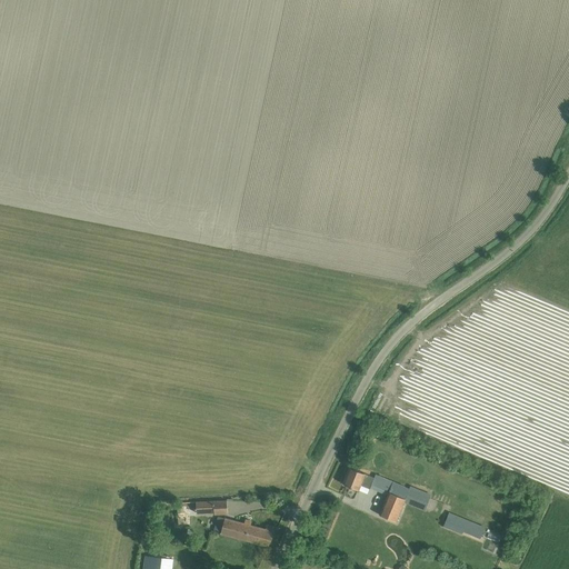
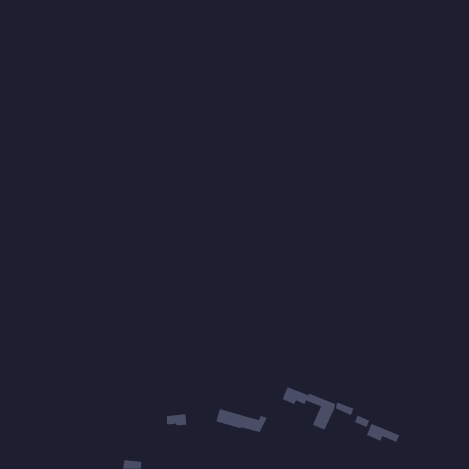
building: [212,518,276,547] -> [215,409,268,433]

